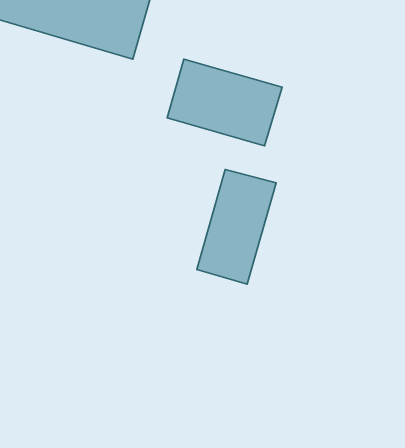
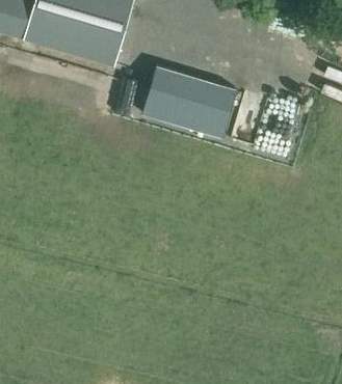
building: [197,169,276,284] -> none

